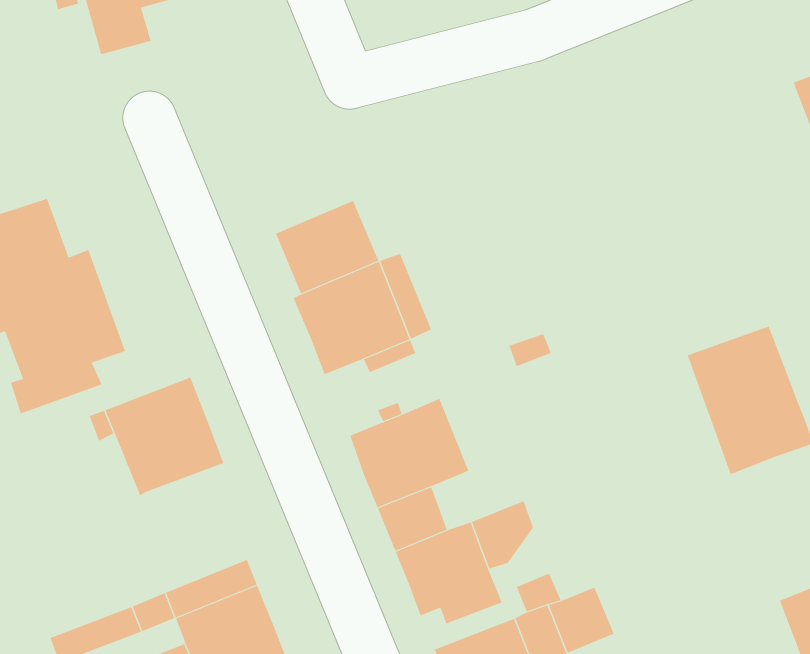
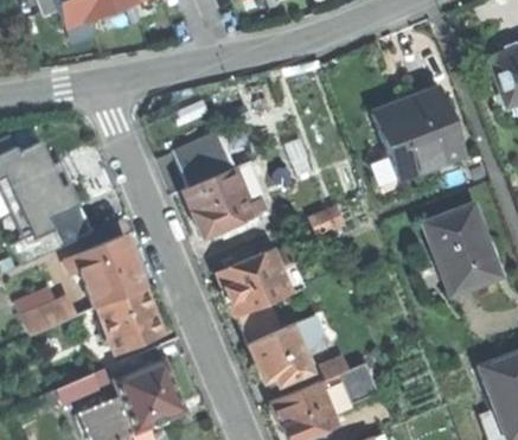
building: none -> [375,89,465,178]
building: none -> [97,289,164,355]
building: none -> [20,295,75,333]

